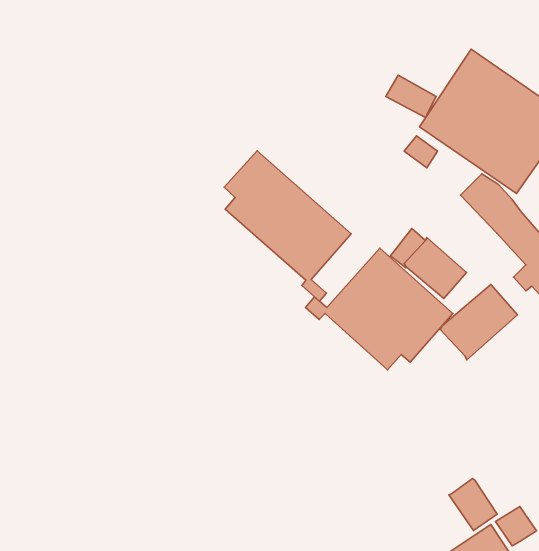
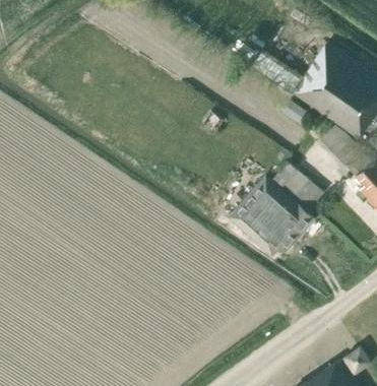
building: [224,151,351,301] -> none
building: [440,285,517,360] -> none
building: [449,479,497,530] -> none

